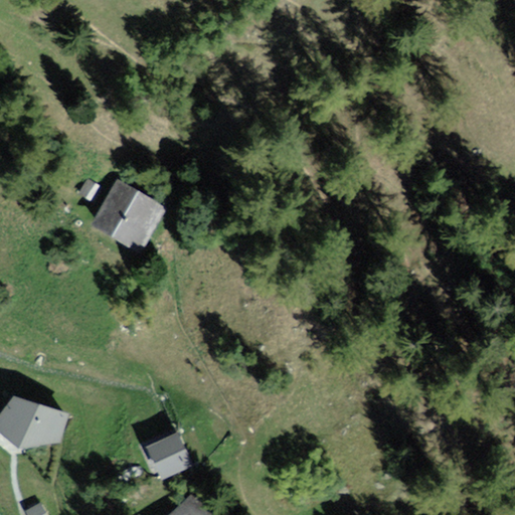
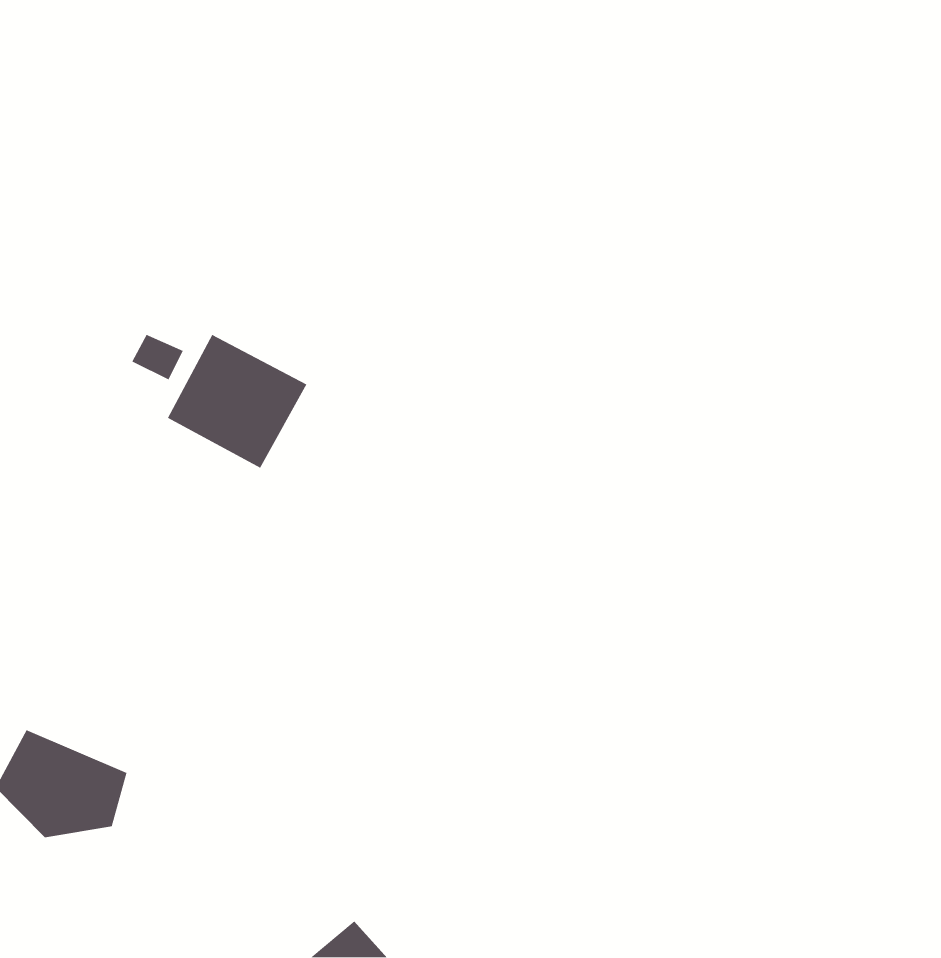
building: [147,441,185,481] -> none

